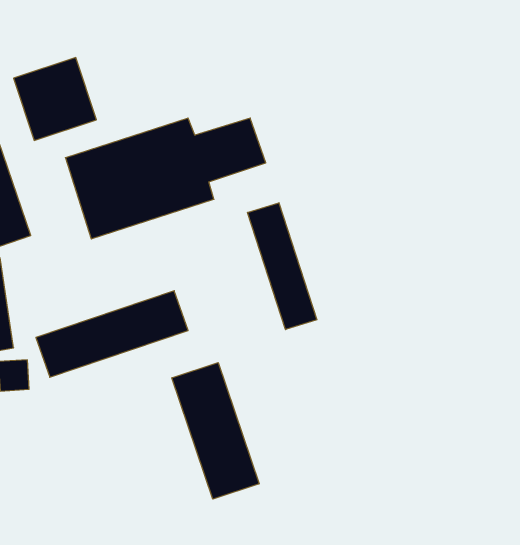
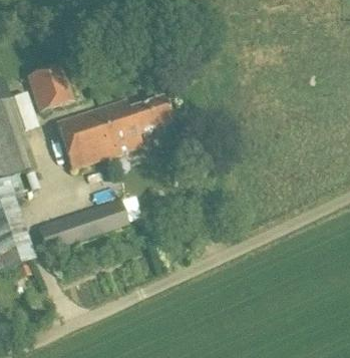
building: [248,203,317,330] -> none
building: [172,363,259,499] -> none

